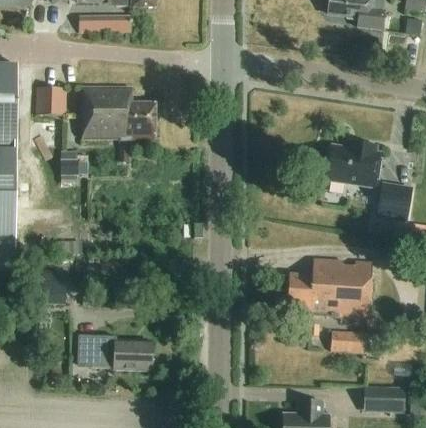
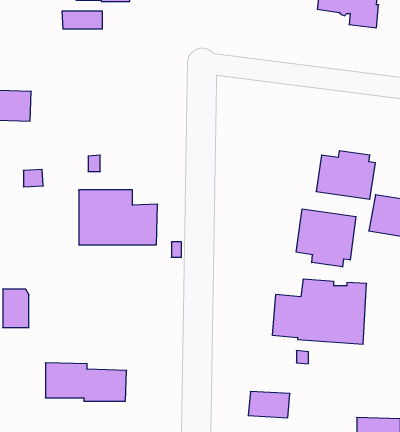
building: [83,88,155,138] -> [79,190,158,245]
building: none -> [296,209,356,267]
building: [330,331,368,355] -> [248,391,290,418]

